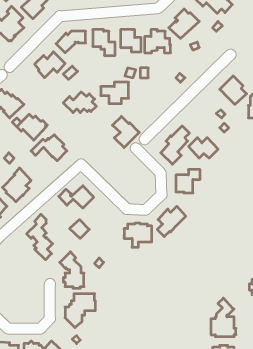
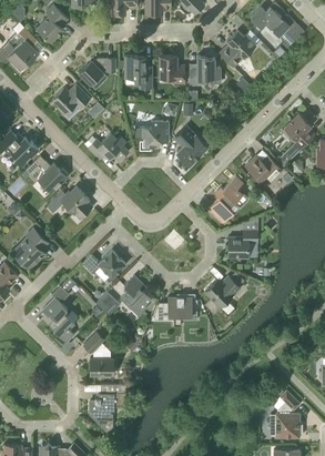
building: [112,116,139,148] -> [174,126,207,165]
building: [189,138,218,158] -> [245,155,282,181]
building: none -> [120,275,151,316]

